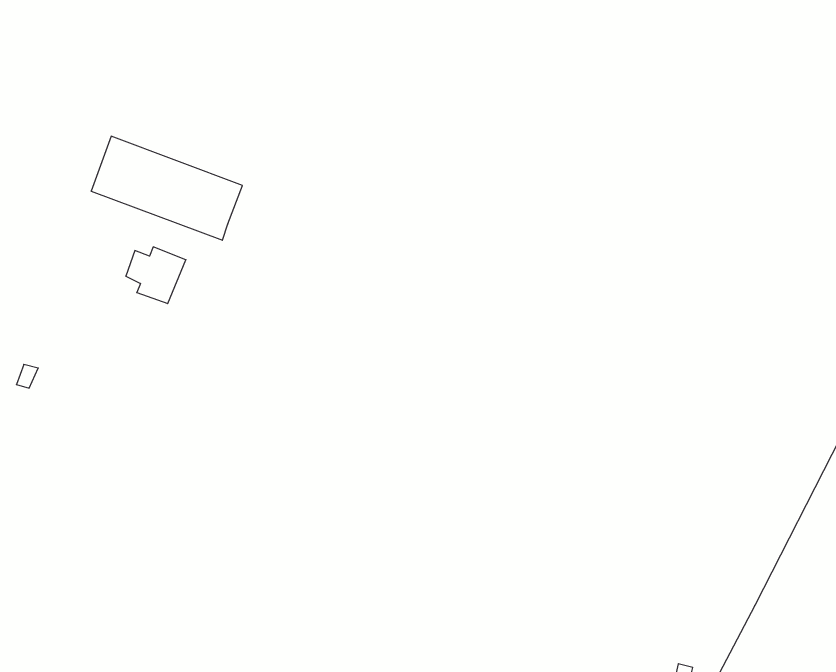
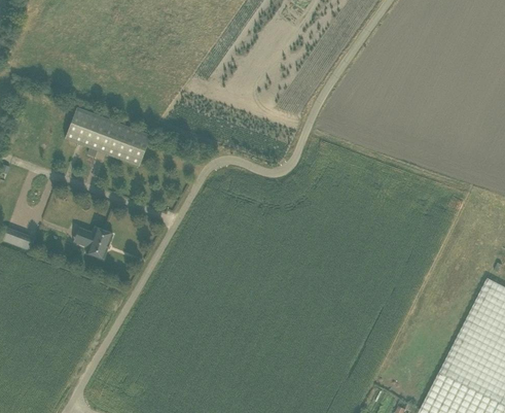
building: [126,247,186,304] -> [79,228,113,260]

